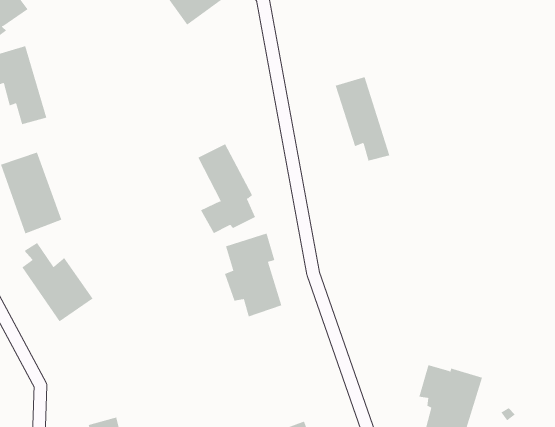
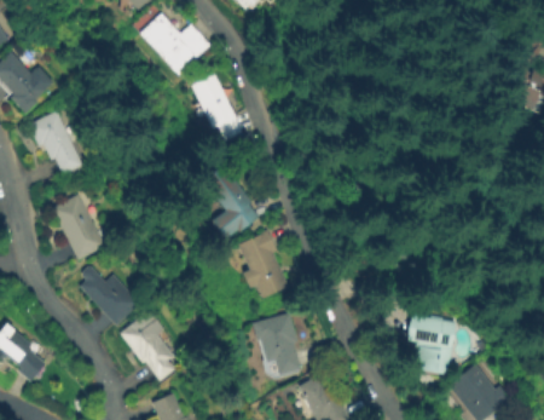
building: [335,76,390,161] -> [190,74,242,140]
building: none -> [118,310,175,381]
building: none -> [250,312,299,374]

